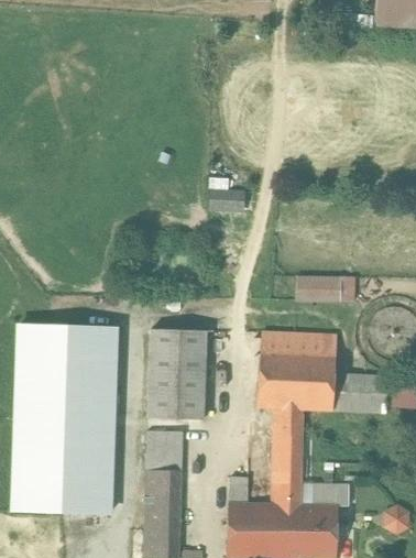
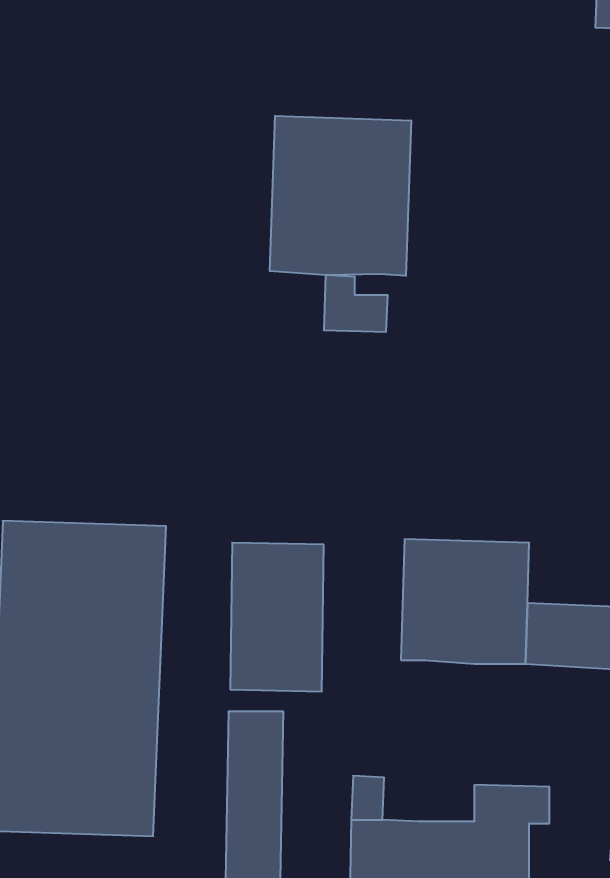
building: none -> [270,116,411,276]
building: [294,274,354,303] -> none
building: [267,406,300,503] -> none

